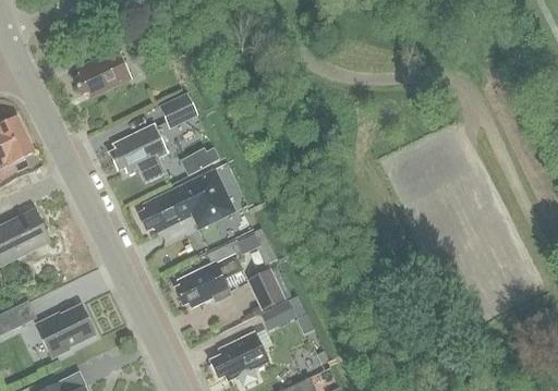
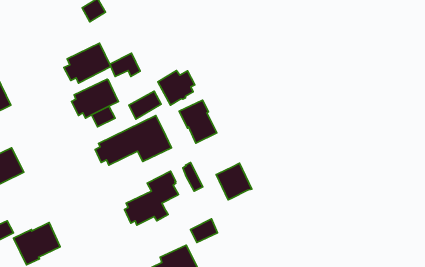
building: [73,47,132,97] -> [64,43,111,83]
building: none -> [158,70,195,105]
building: none -> [179,100,217,143]
building: [246,265,291,310] -> [216,163,252,200]

